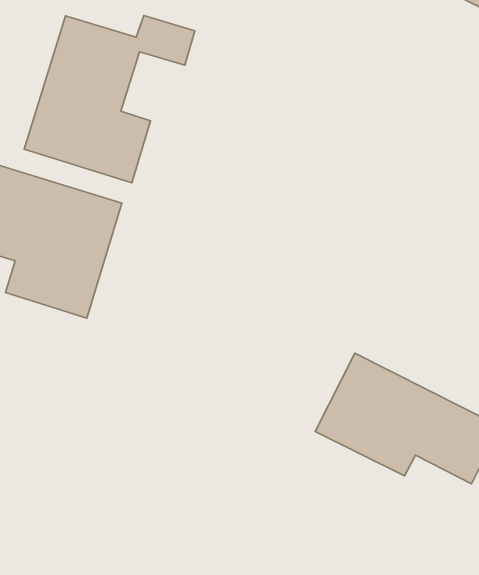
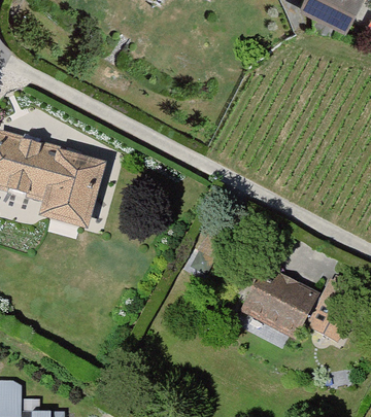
building: [24,16,195,183] -> none

